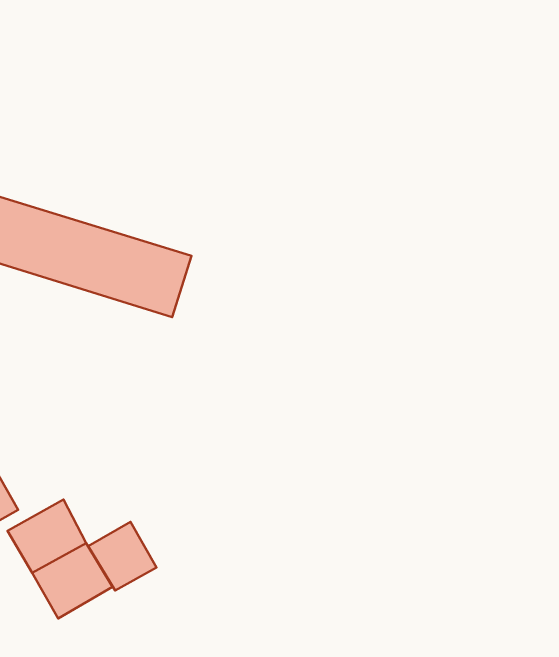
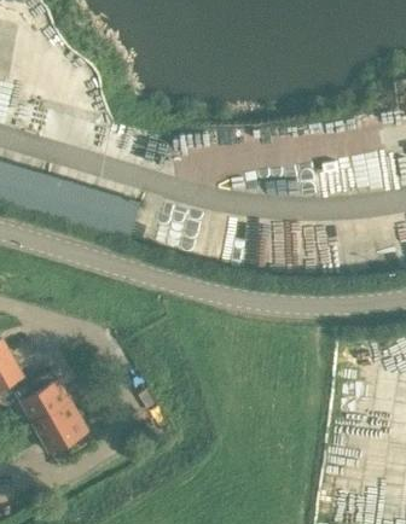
building: [88,522,157,591] -> none

